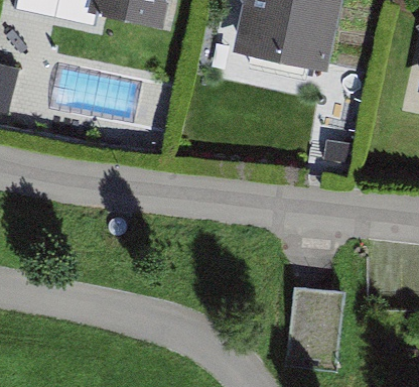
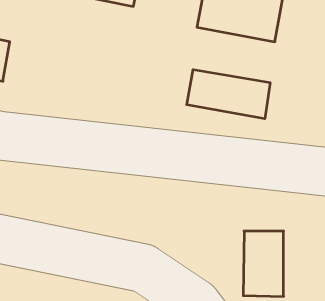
building: none -> [187,70,270,119]

